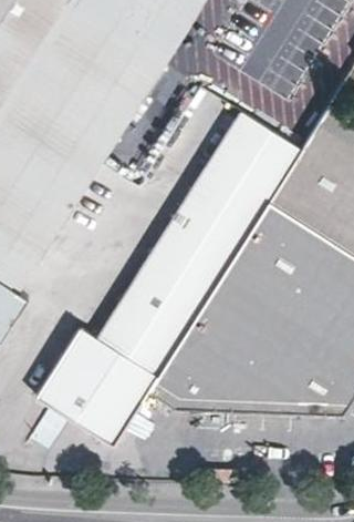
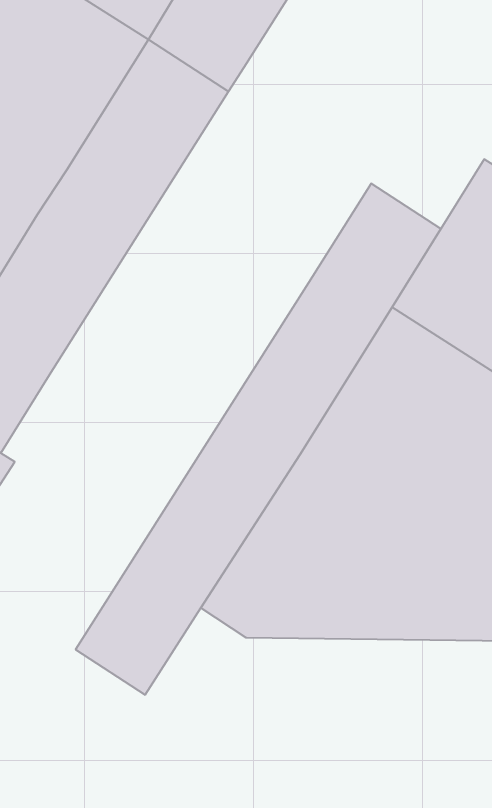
building: [33,114,254,417] -> none

